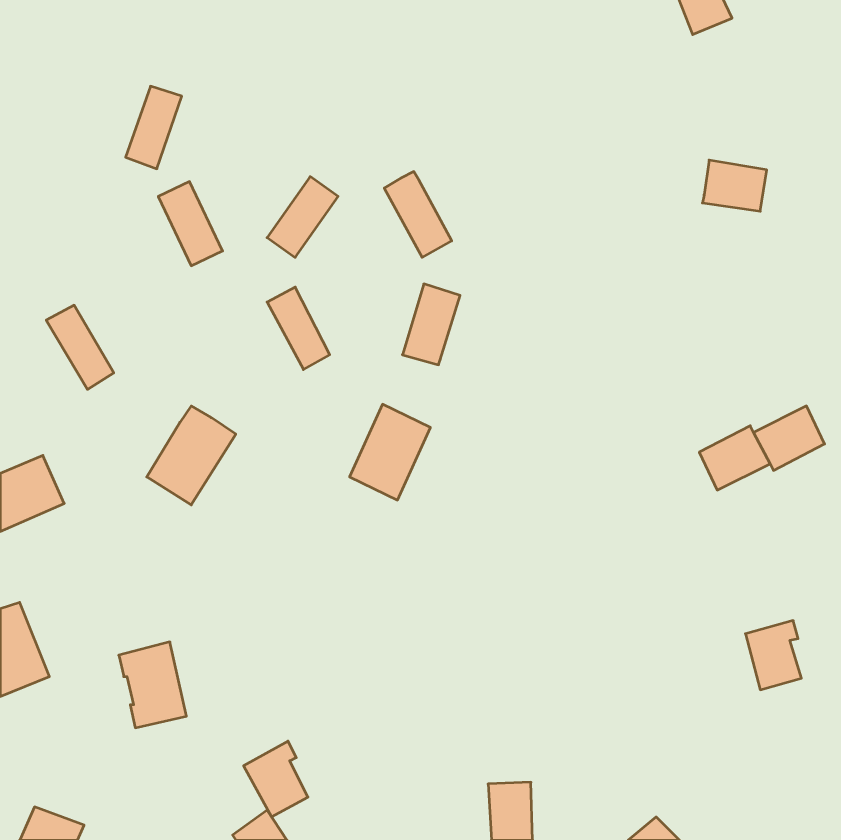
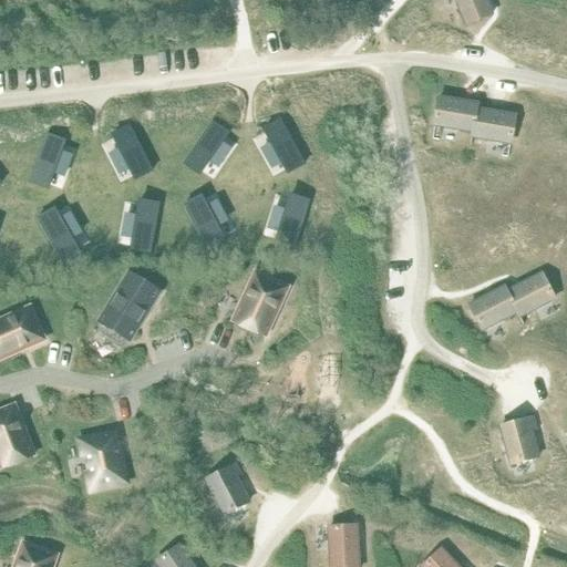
building: [126,86,182,169] -> [27,132,64,187]
building: none -> [435,96,478,131]
building: none -> [125,197,158,251]
building: [244,741,308,817] -> [206,463,249,514]

